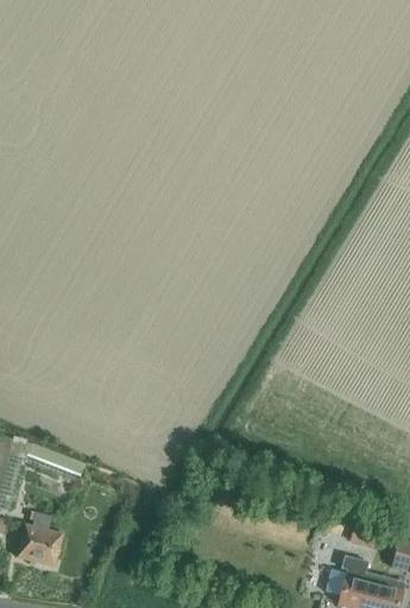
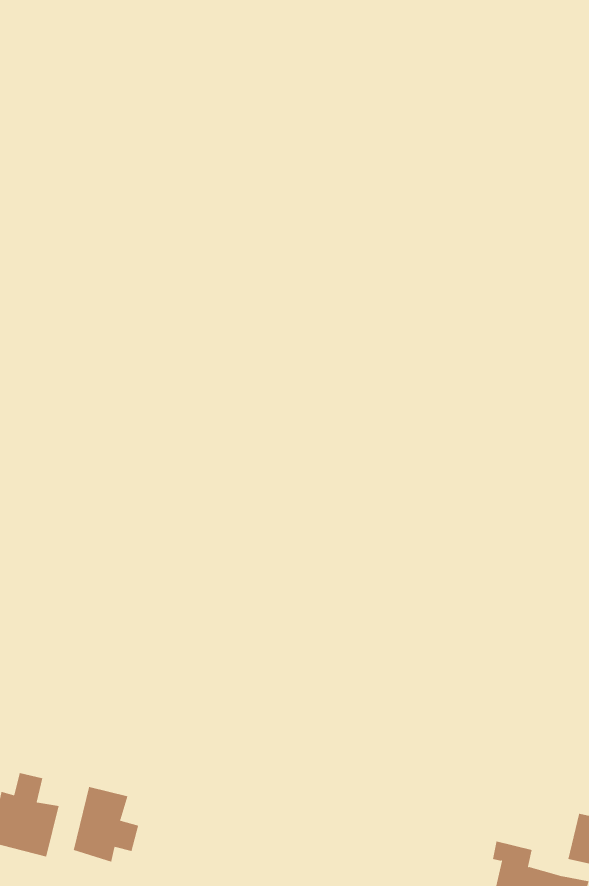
building: none -> [73,786,139,862]

